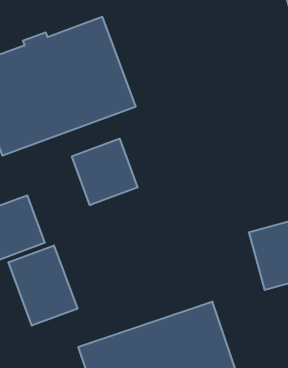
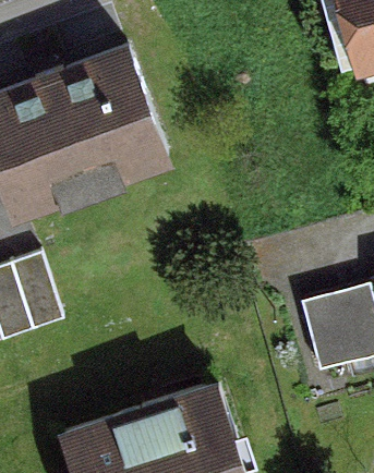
building: [72,139,138,205] -> none
building: [8,245,77,326] -> none

